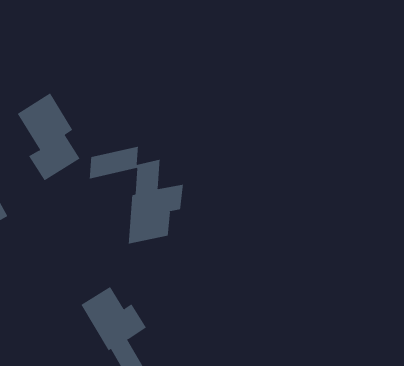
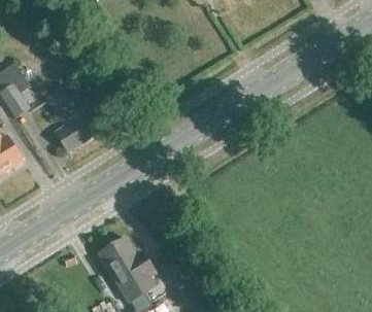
building: [89,146,183,244] -> none

